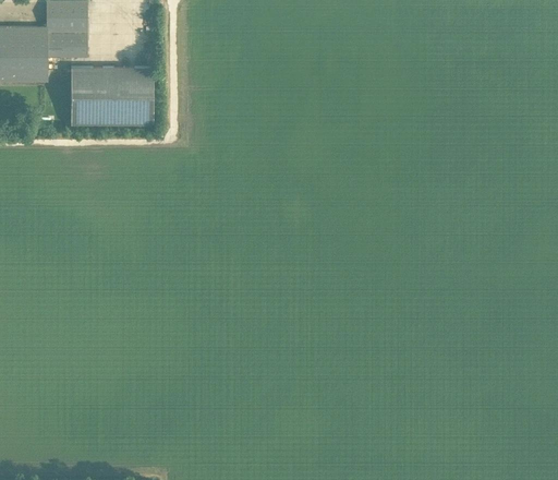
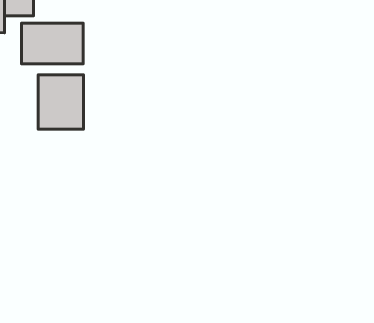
building: none -> [38,75,84,129]

